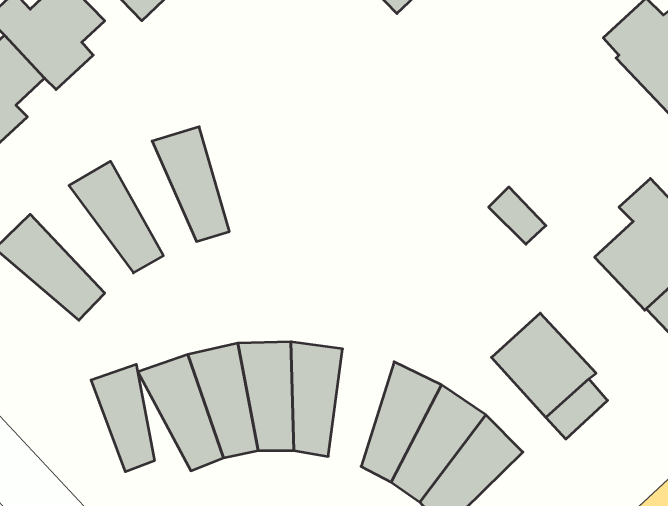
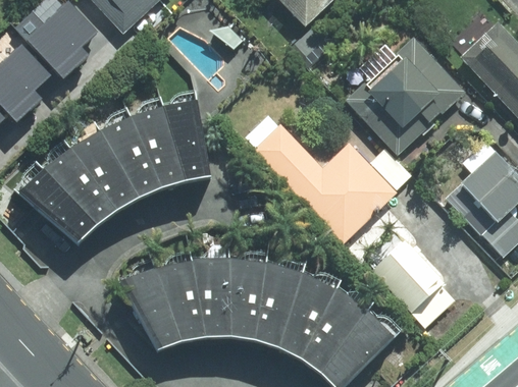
building: none -> [347,40,463,154]
building: none -> [164,100,211,180]
building: none -> [101,116,162,198]
building: none -> [246,117,396,241]
building: none -> [44,148,117,224]
building: none -> [256,264,303,347]
building: [91,364,154,472] -> none

